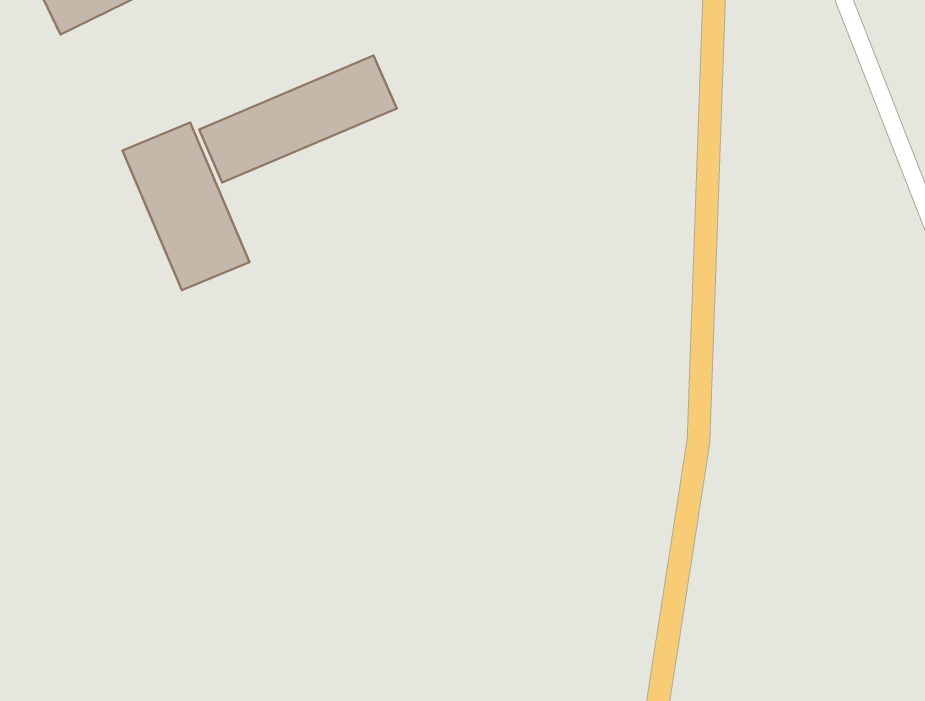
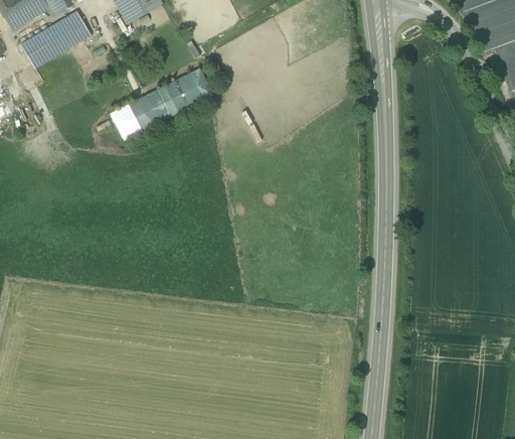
building: [123,122,249,290] -> none

